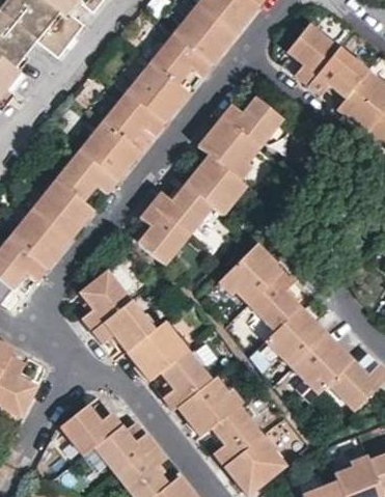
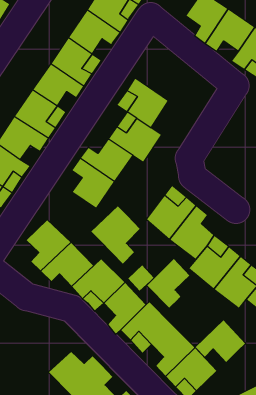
building: [223,99,282,147] -> none
building: none -> [91,205,140,264]
building: none -> [147,258,190,308]
building: [58,405,120,455] -> none
building: none -> [195,319,246,363]

